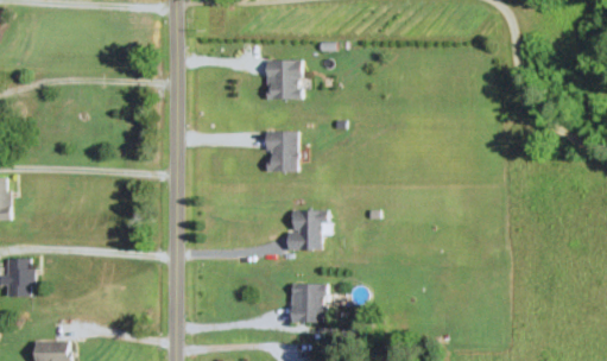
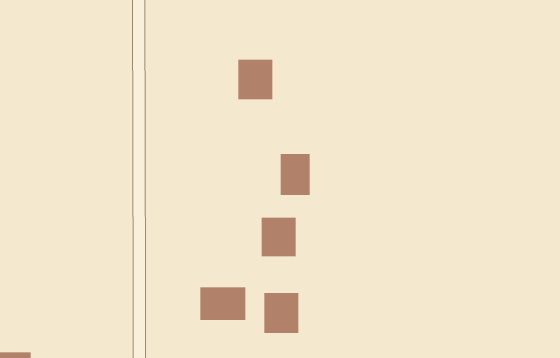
building: [266,131,296,171] -> [280,154,311,196]
building: none -> [200,286,246,321]

